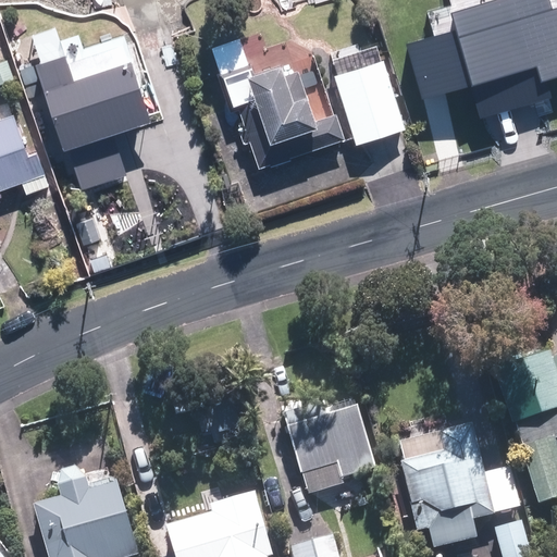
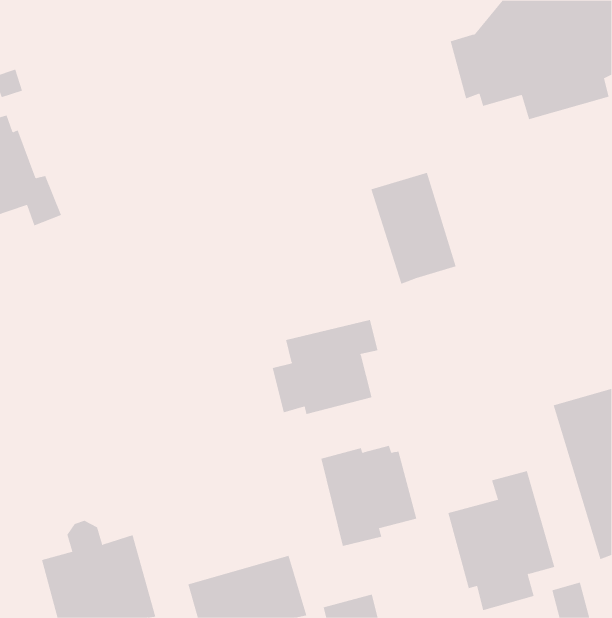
building: [34,35,147,189] -> none
building: [327,41,405,143] -> [371,172,456,285]
building: [221,42,347,172] -> none
building: none -> [272,319,378,415]

